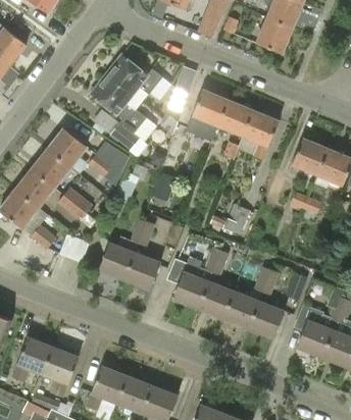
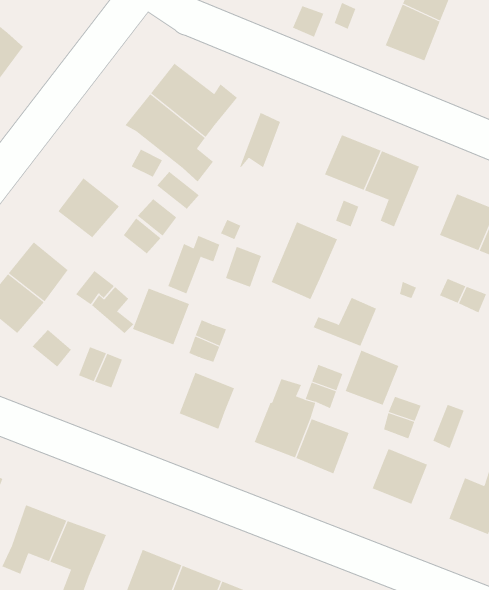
building: [186,89,229,139] -> [271,222,338,300]
building: [32,149,69,187] -> none
building: [98,242,135,278] -> [132,288,190,345]
building: [223,291,258,326] -> [345,350,399,406]

